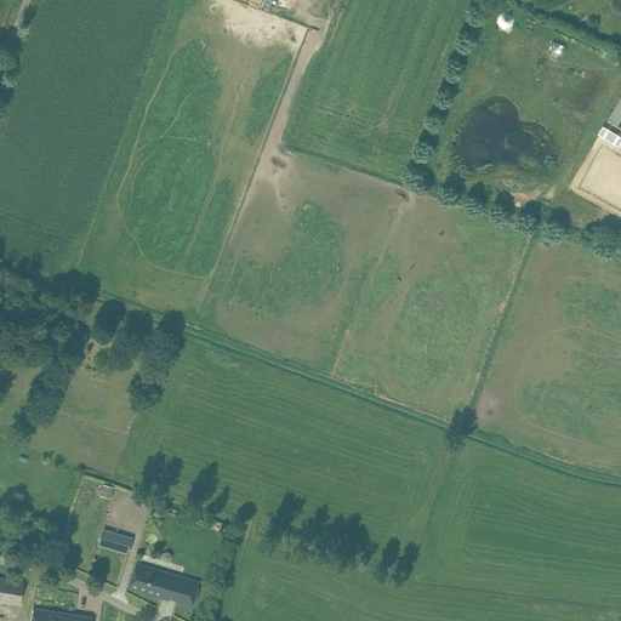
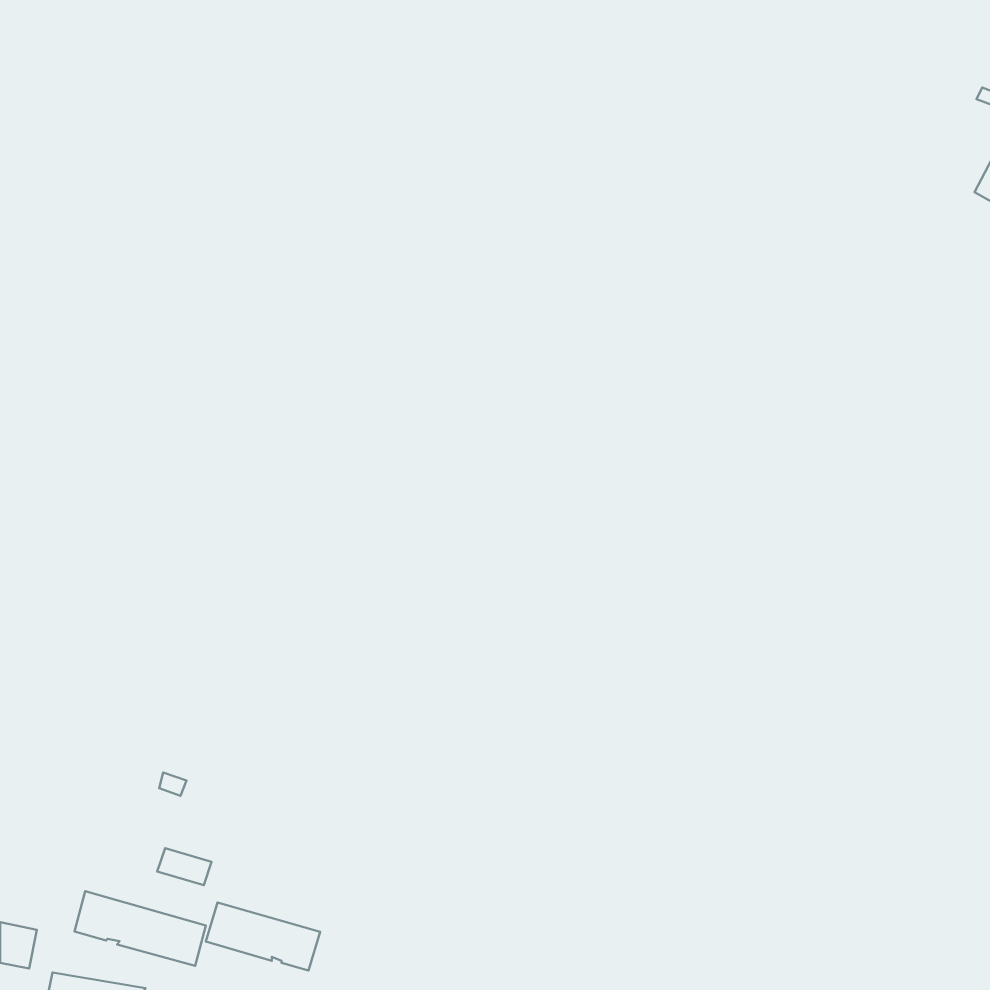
building: none -> [74,891,206,966]

